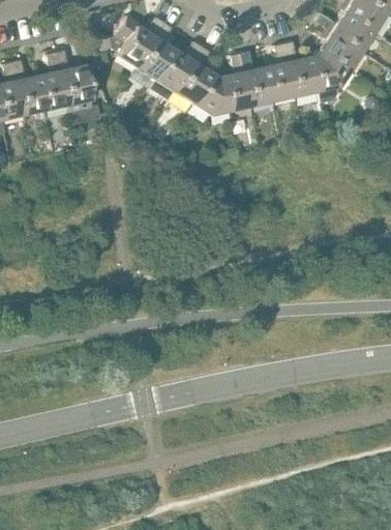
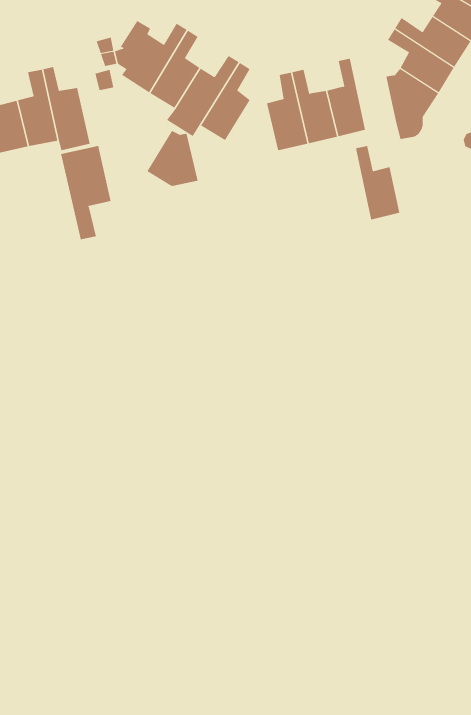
building: [285,41,319,96] -> [355,146,400,220]
building: [193,75,232,116] -> [146,130,198,186]
building: none -> [60,145,111,240]

